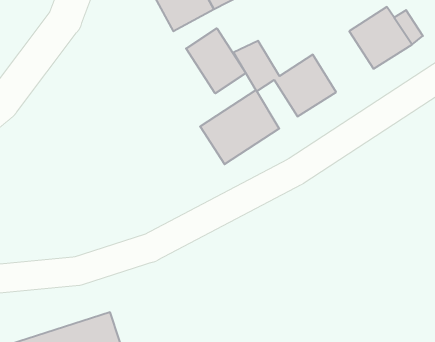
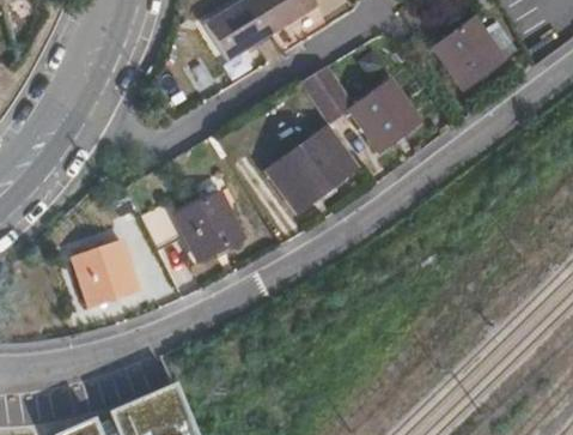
building: [186,28,246,93] -> none
building: none -> [141,189,244,260]
building: none -> [72,240,139,306]

